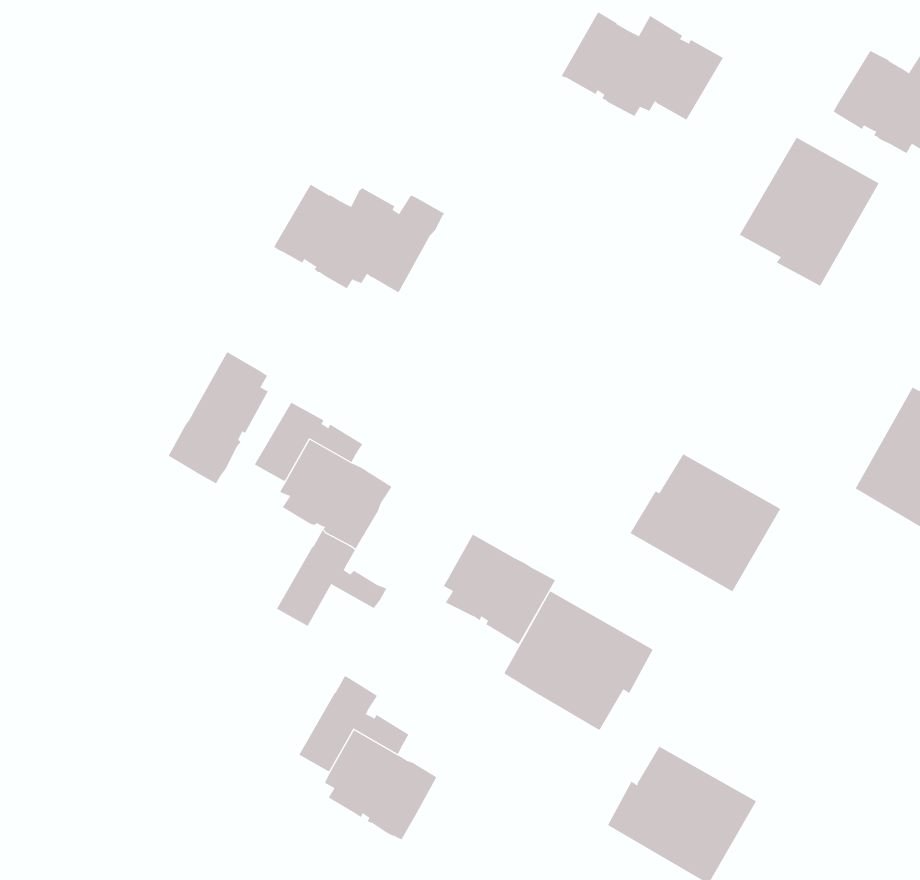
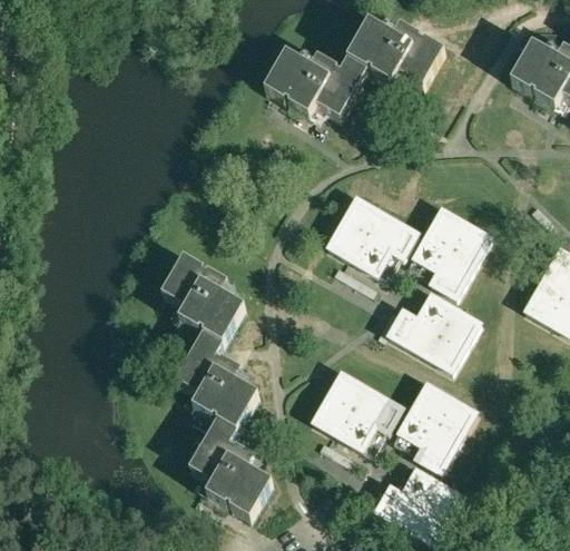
building: [739,137,880,287] -> [405,207,490,297]
building: [273,184,445,293] -> [264,53,367,119]
building: none -> [326,196,416,279]
building: [168,351,269,484] -> none
building: [443,534,556,645] -> [190,366,258,433]
building: none -> [391,382,475,473]

